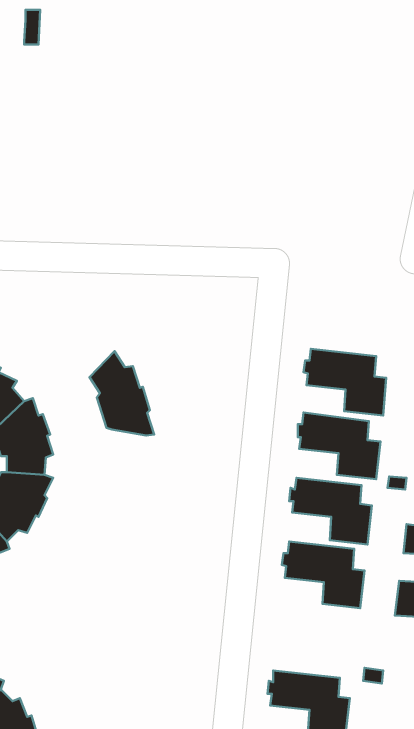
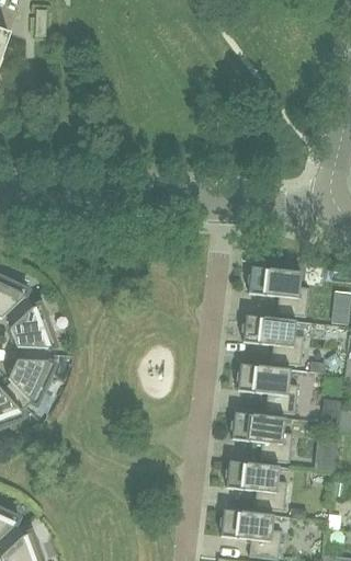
building: [90,351,154,436] -> none
building: none -> [224,459,286,510]

